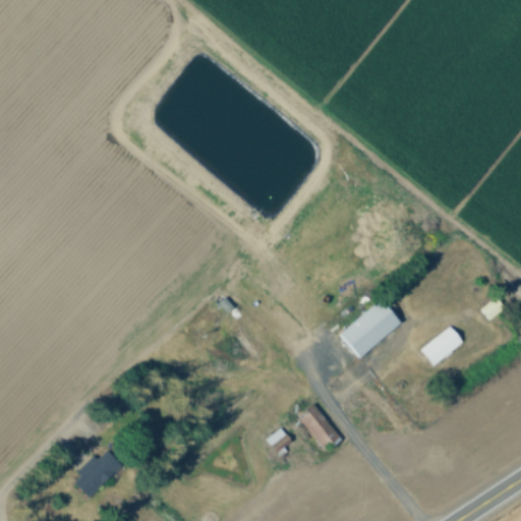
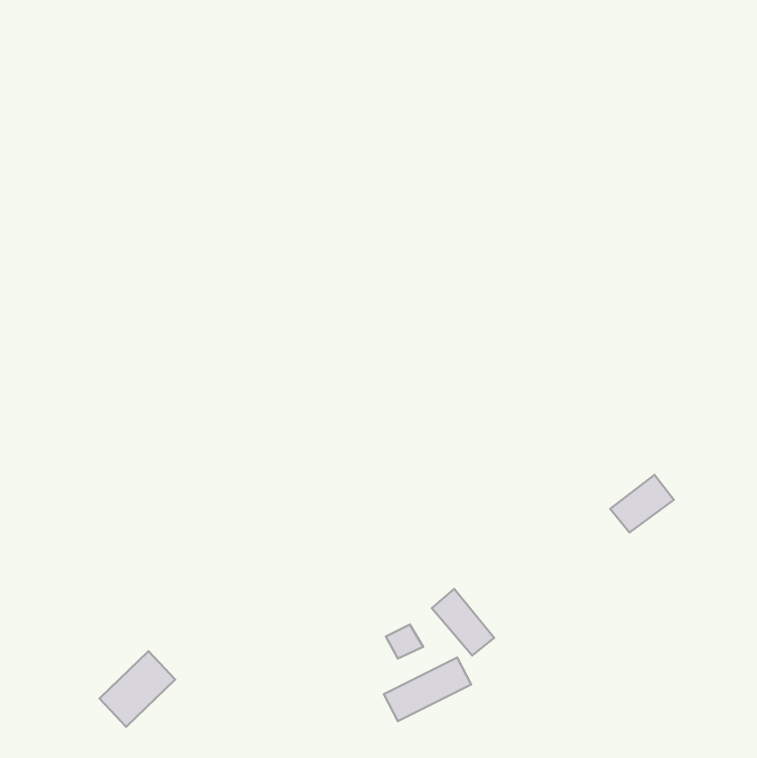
building: [340,300,401,357] -> none
building: none -> [384,657,471,721]

